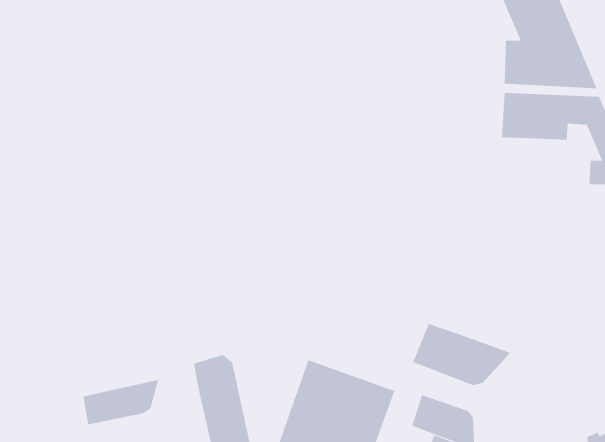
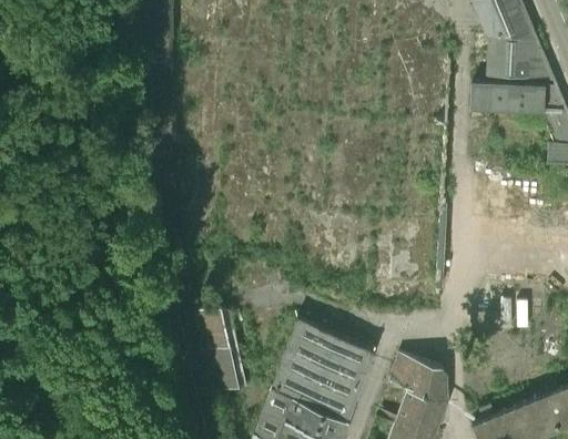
building: [412,323,511,386] -> none
building: [83,379,159,425] -> none

